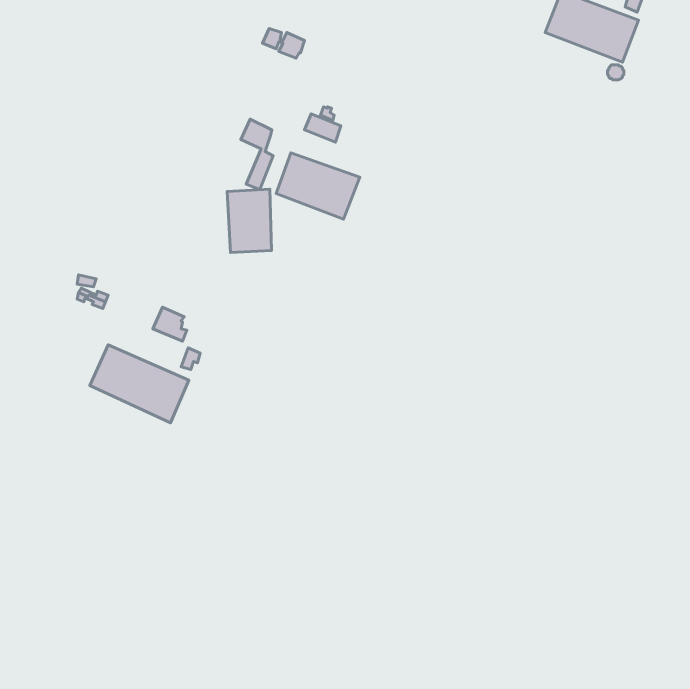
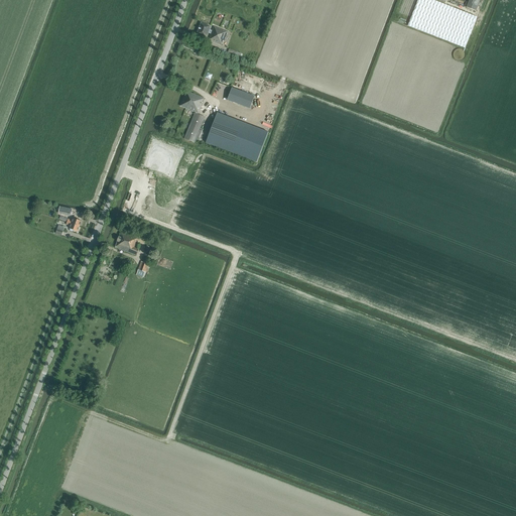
building: [227,189,271,252] -> none
building: [90,345,189,423] -> none

